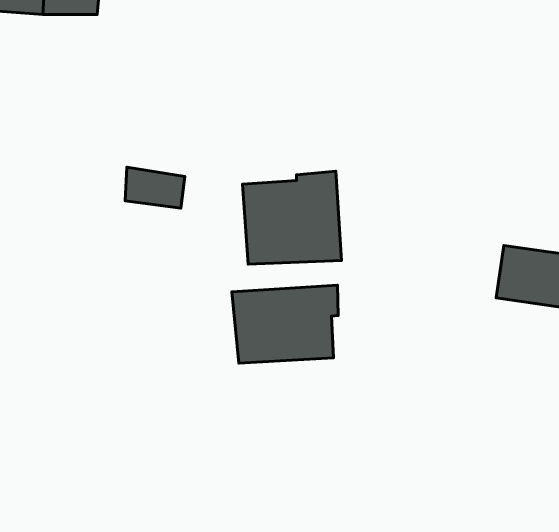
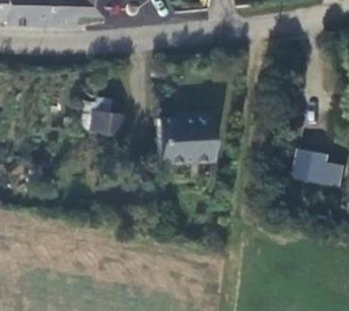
building: [232,285,338,363] -> none

